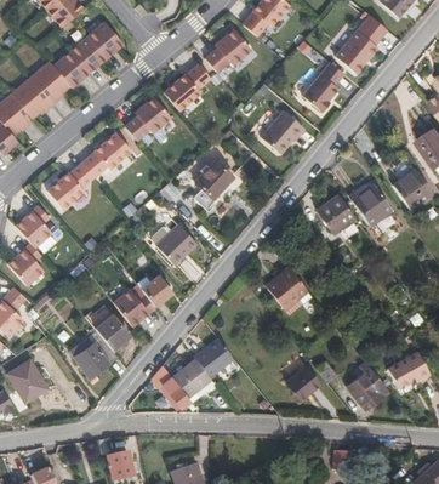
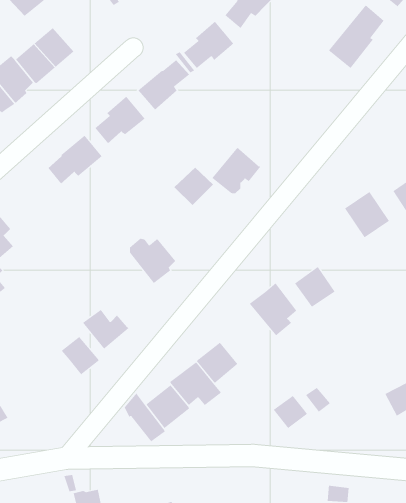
building: [87,21,124,57] -> none
building: [303,62,344,112] -> none
building: [262,110,307,153] -> [211,147,261,194]
building: [47,163,95,210] -> none
building: [317,194,354,232] -> [294,266,336,308]
building: [137,275,172,306] -> none
building: none -> [196,342,238,384]
building: [74,336,118,377] -> none
building: [344,365,386,406] -> none

